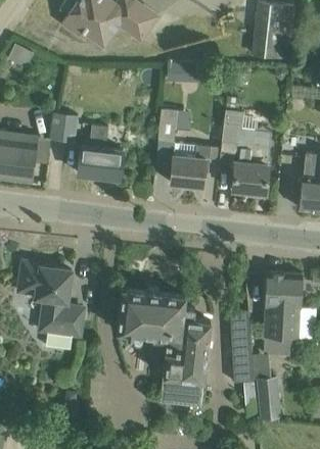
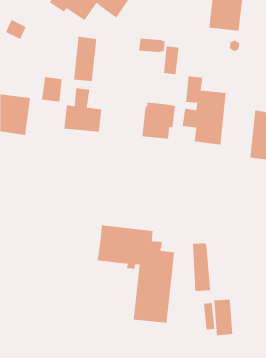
building: none -> [73,36,97,82]
building: [158,108,178,143] -> [163,46,180,75]
building: [19,261,85,350] -> none
building: [264,272,303,357] -> none

